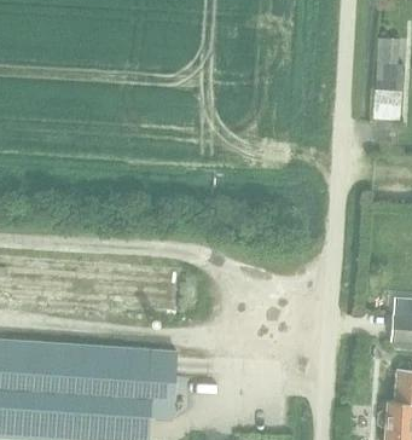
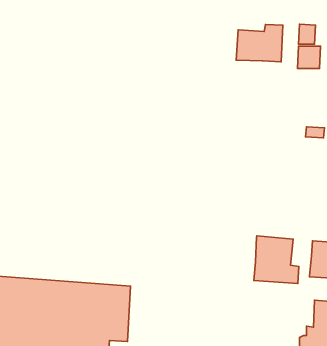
building: none -> [236,24,283,62]
building: none -> [254,236,299,284]

